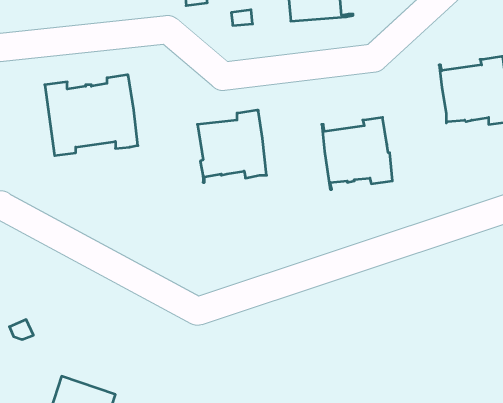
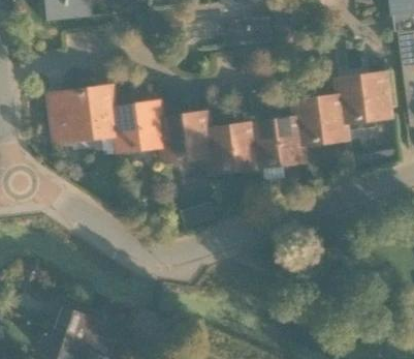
building: none -> [295,93,348,142]
building: none -> [116,99,166,152]
building: none -> [210,120,259,174]

